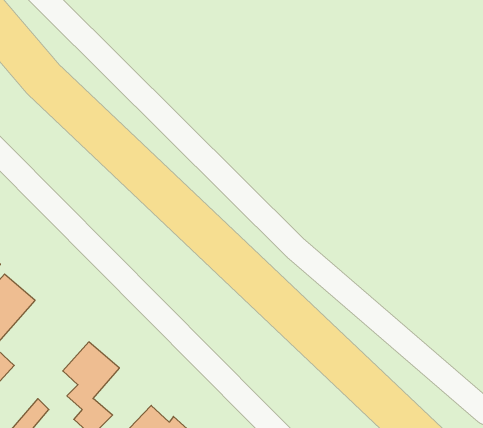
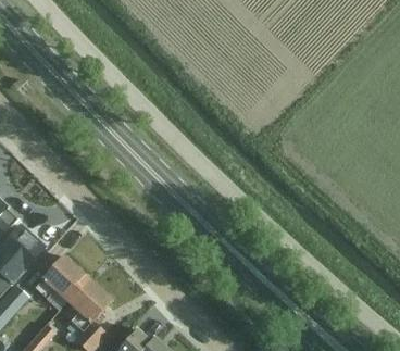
building: none -> [35,256,87,301]

